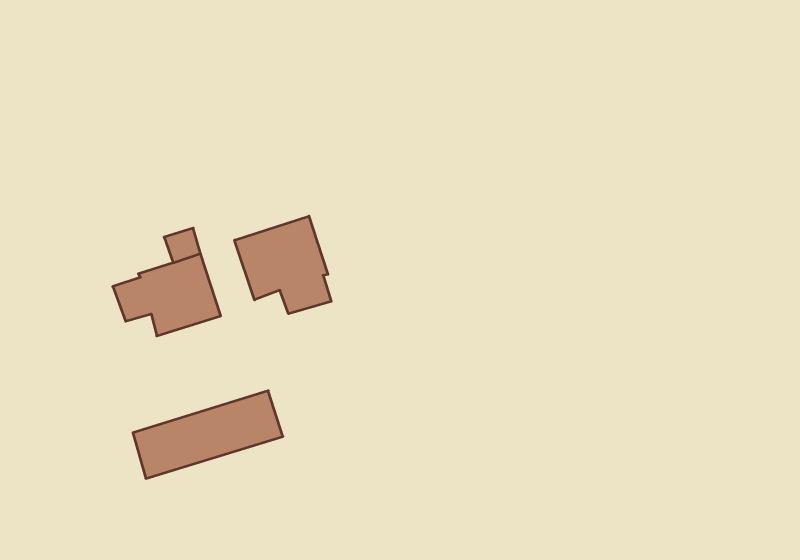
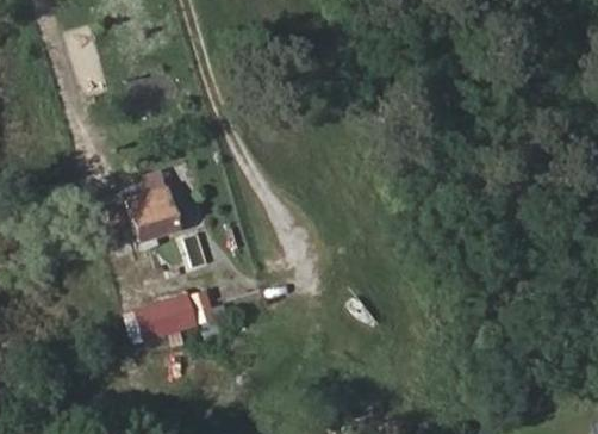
building: [235,216,331,314] -> none

